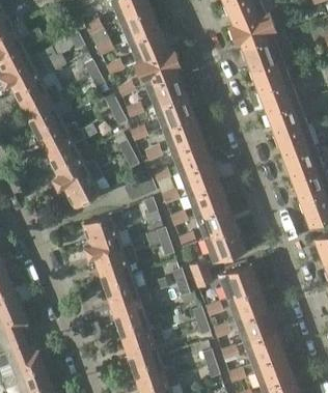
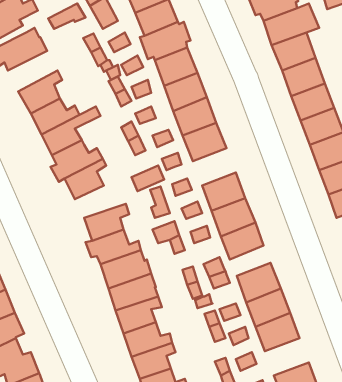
building: [15,80,59,112] -> none
building: [181,163,219,196] -> none
building: [245,333,284,366] -> none

